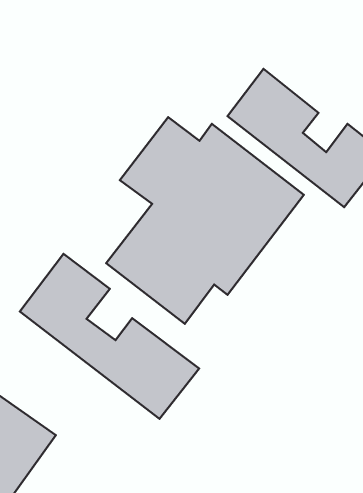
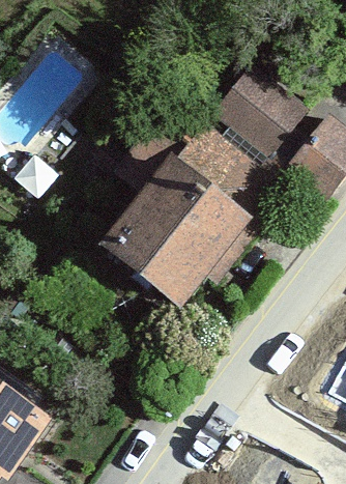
building: [20,254,199,419] -> none

